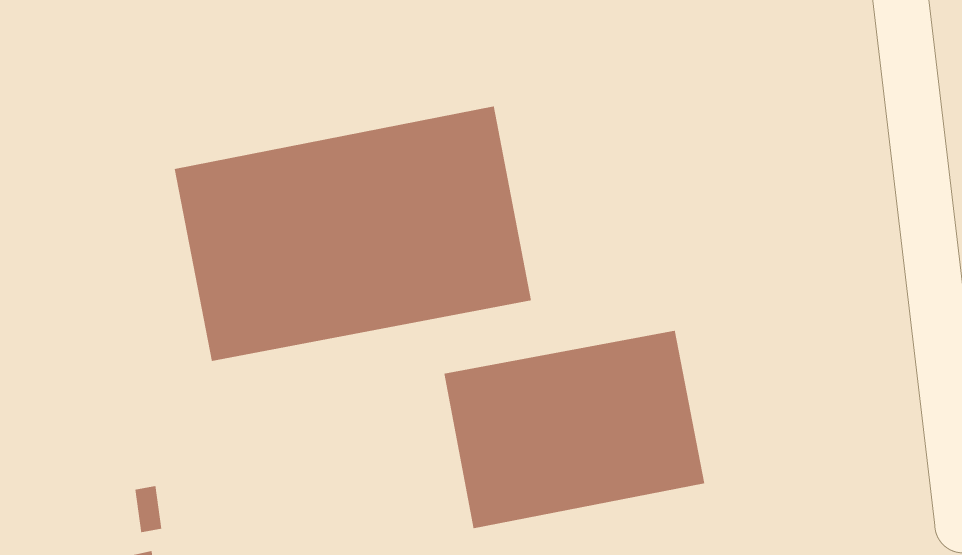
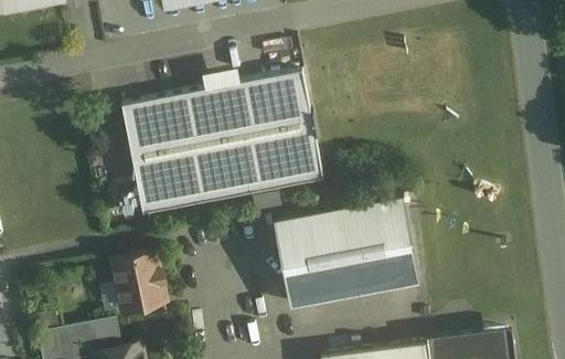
building: none -> [111,254,166,313]

